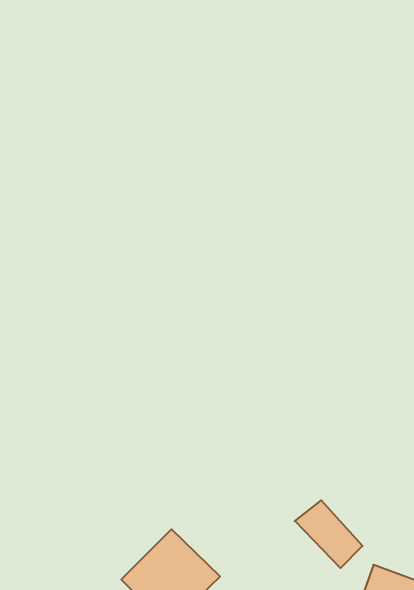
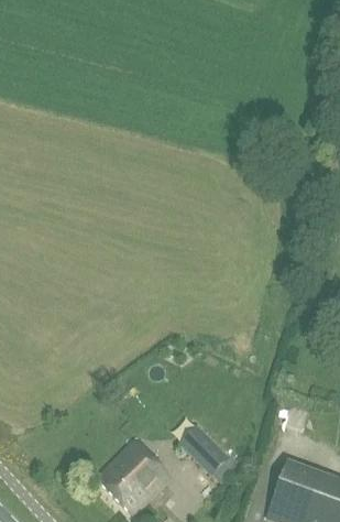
building: [295,500,363,568] -> [177,423,228,474]

